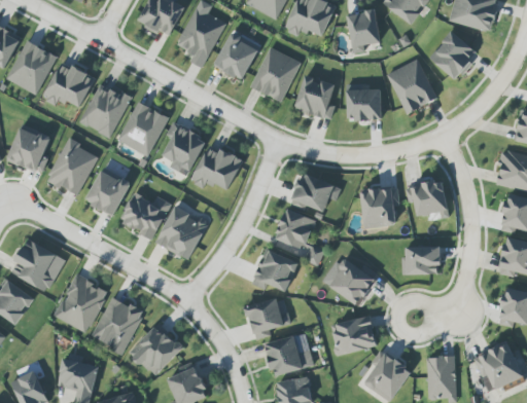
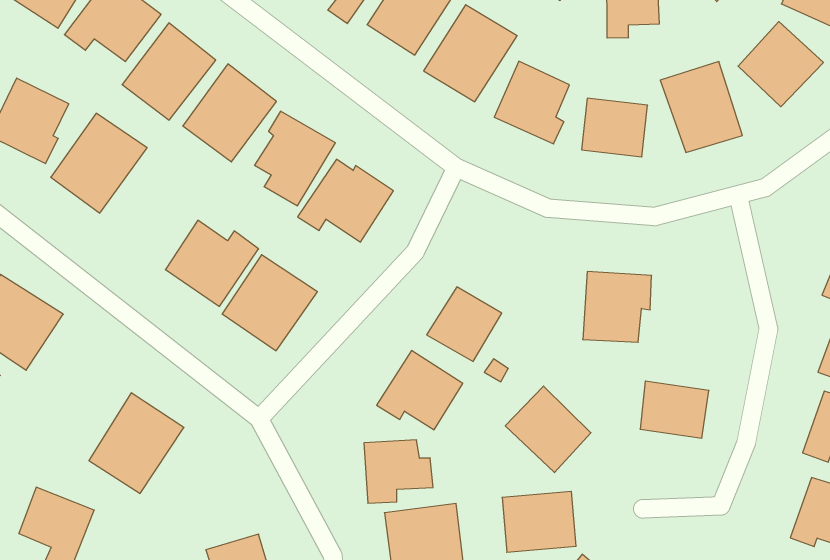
building: [85,168,130,216] -> none
building: [291,173,341,214] -> none
building: [406,181,449,218] -> none
building: [54,274,108,333] -> none
building: [129,325,182,377] -> none

